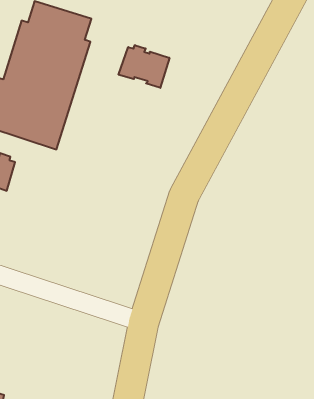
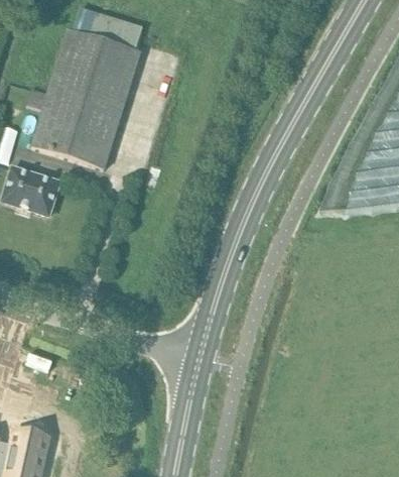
building: [119,45,169,88] -> none

